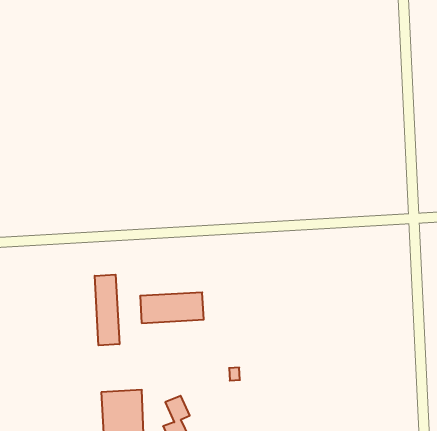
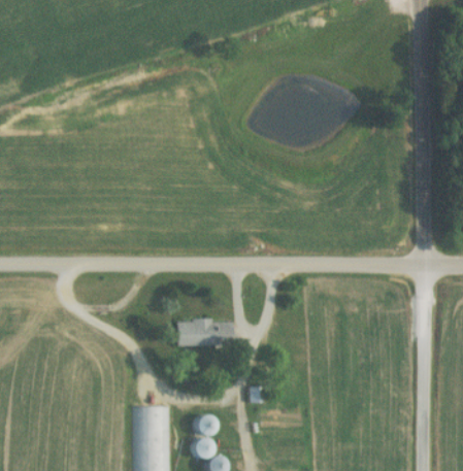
building: [95,275,119,345] -> none

